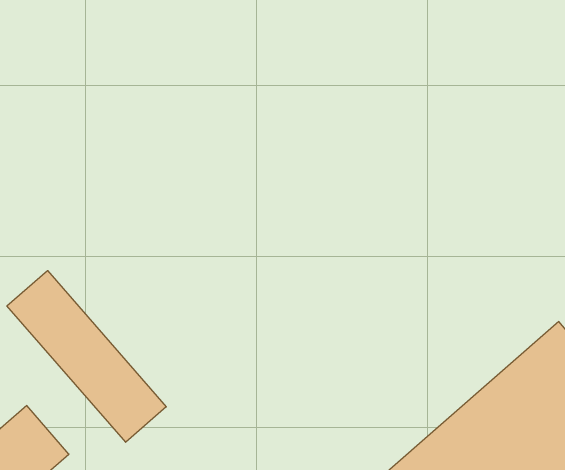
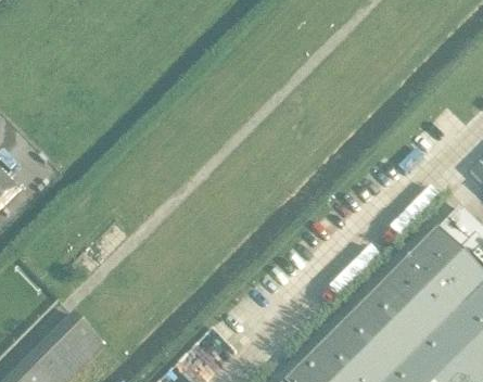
building: [7,271,166,442] -> none

